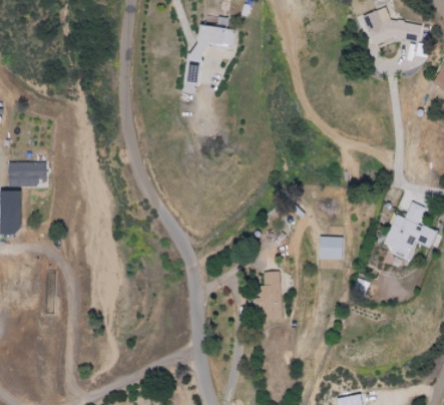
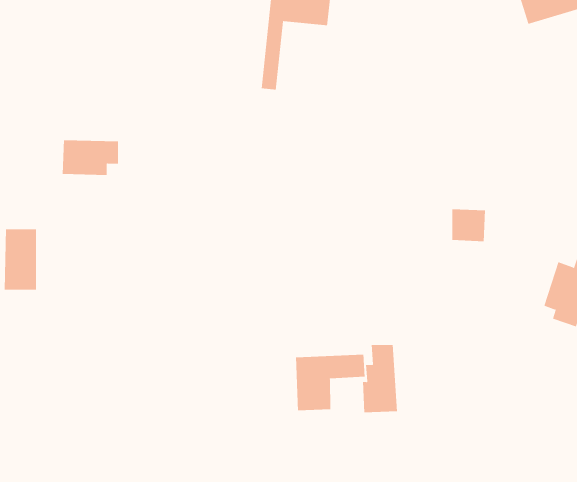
building: [11,161,51,186] -> [62,140,119,176]
building: [319,237,343,260] -> [452,209,486,242]
building: none -> [296,354,365,411]

